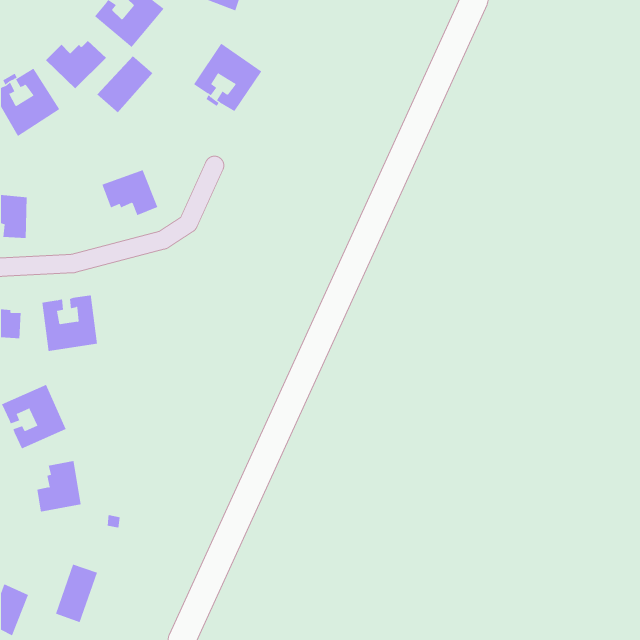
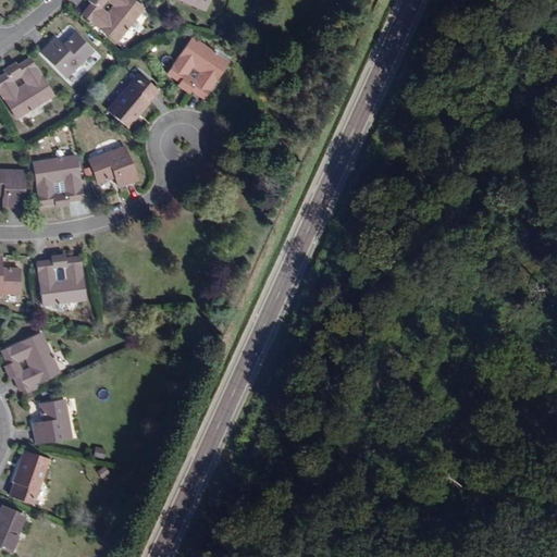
building: [97,55,153,113] -> [108,75,157,125]
building: none -> [33,156,83,205]
building: [55,564,98,623] -> [11,451,48,503]

